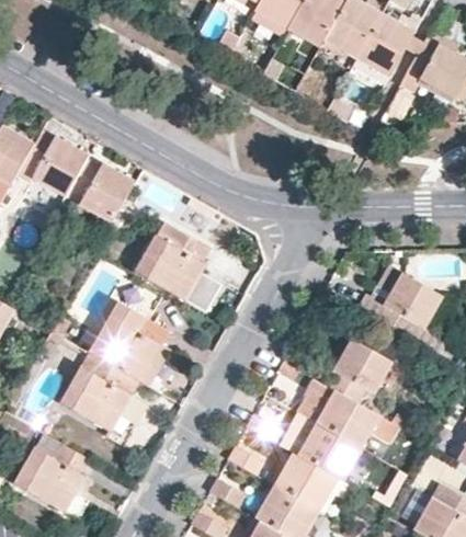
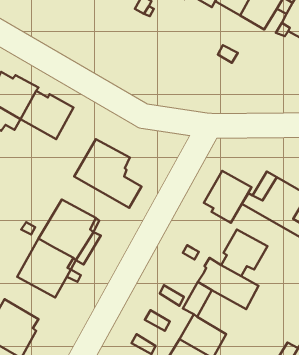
building: none -> [204,171,251,223]
building: [298,421,363,482] -> none

